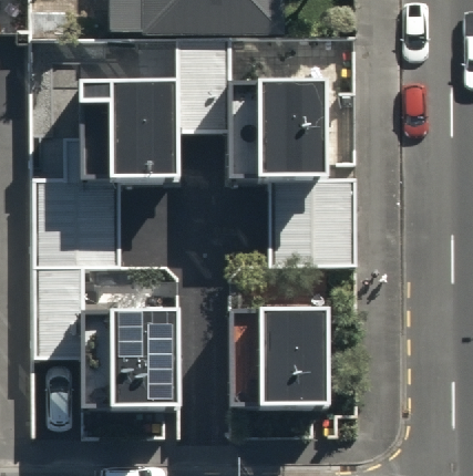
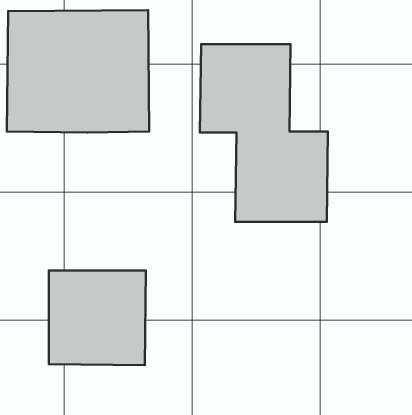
building: [37,175,120,355] -> none
building: [233,312,323,408] -> none

